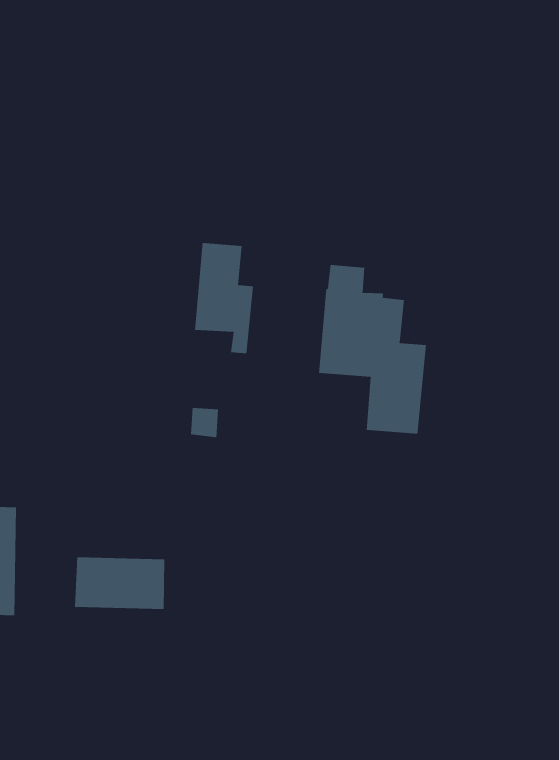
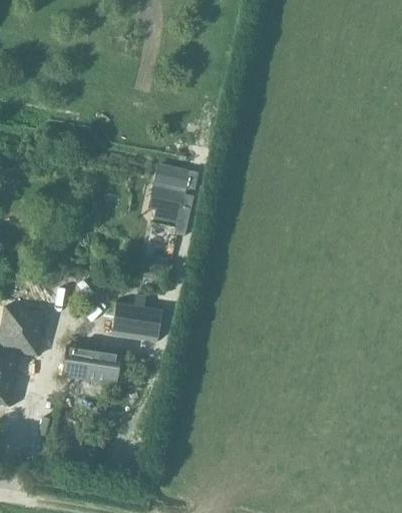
building: [319,264,427,435] -> none
building: none -> [112,295,163,342]

